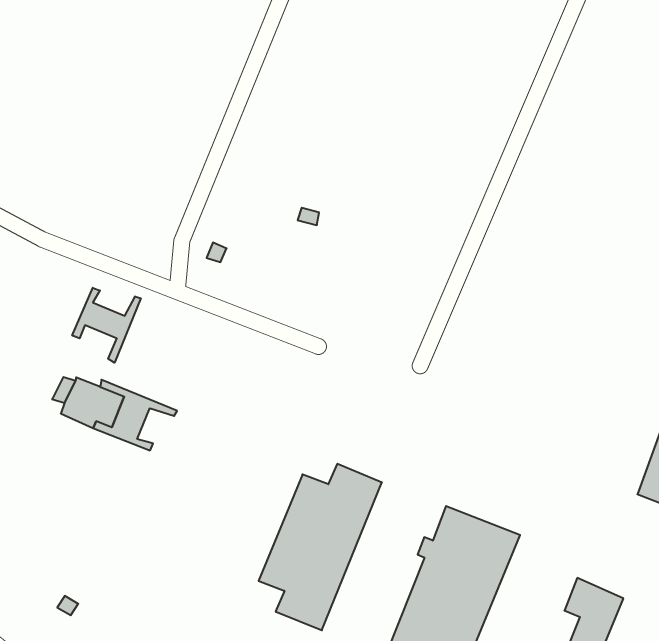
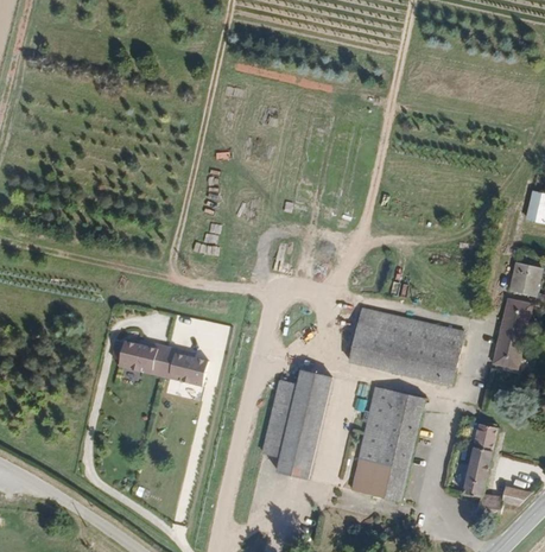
building: [72,288,141,363] -> none
building: none -> [348,306,464,386]
building: none -> [167,355,205,387]

